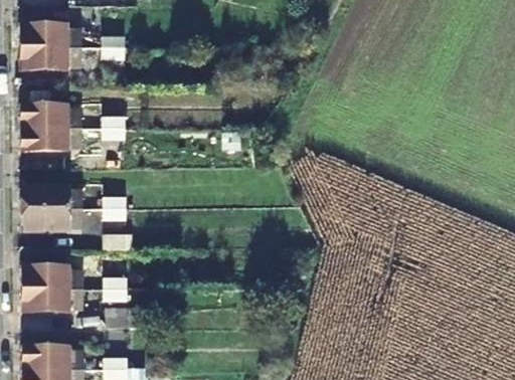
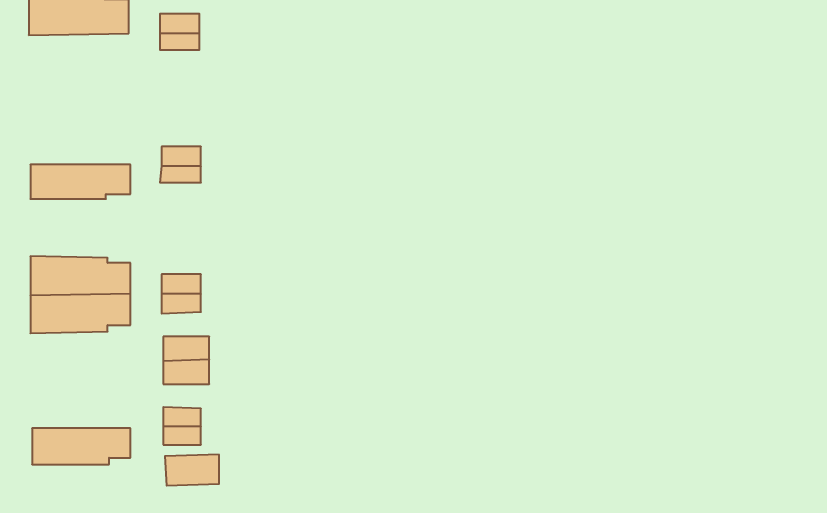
building: [21,49,82,71] -> none
building: [22,106,83,130] -> none
building: [23,267,83,292] -> none

